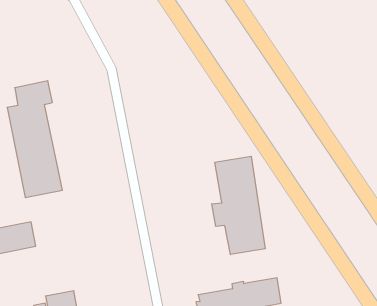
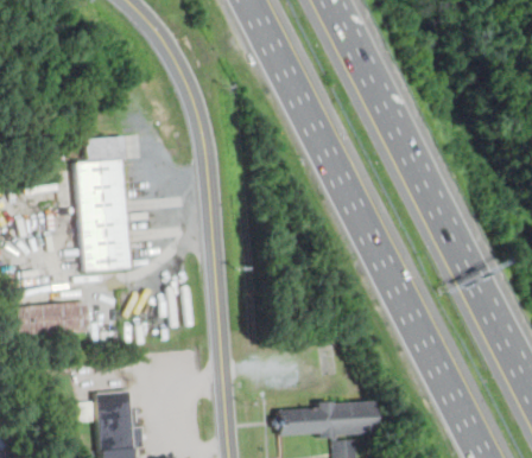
building: [212,156,265,255] -> none

